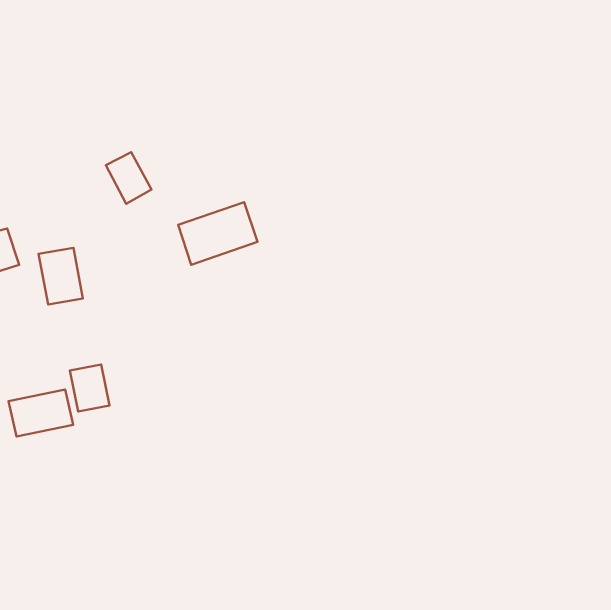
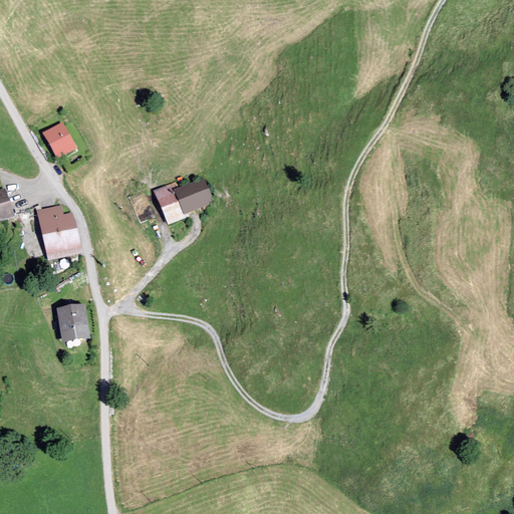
building: [106,152,151,204] -> [43,119,81,163]
building: [9,389,73,437] -> none

